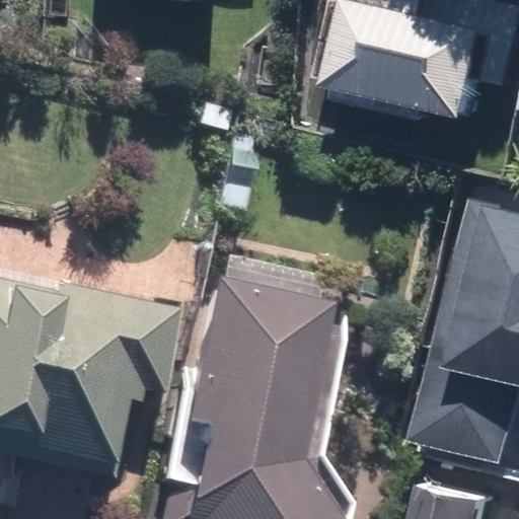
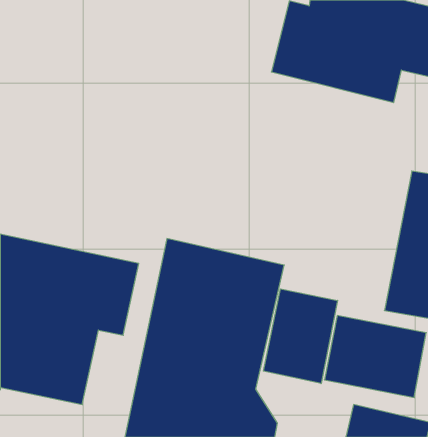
building: none -> [263,289,338,384]

